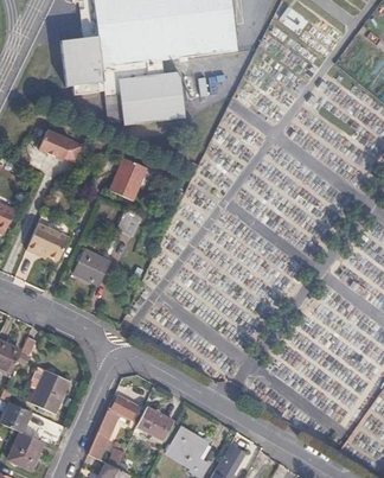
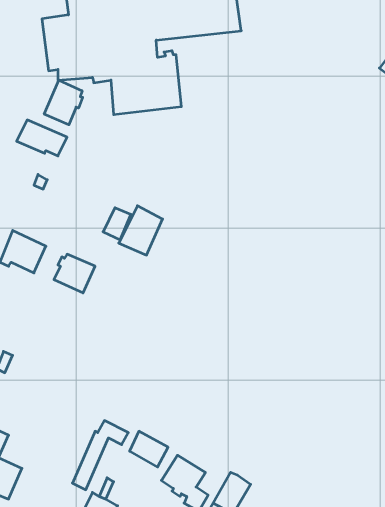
building: none -> [44,80,83,125]
building: [108,157,147,200] -> [119,206,163,255]
building: [30,369,66,412] -> none

